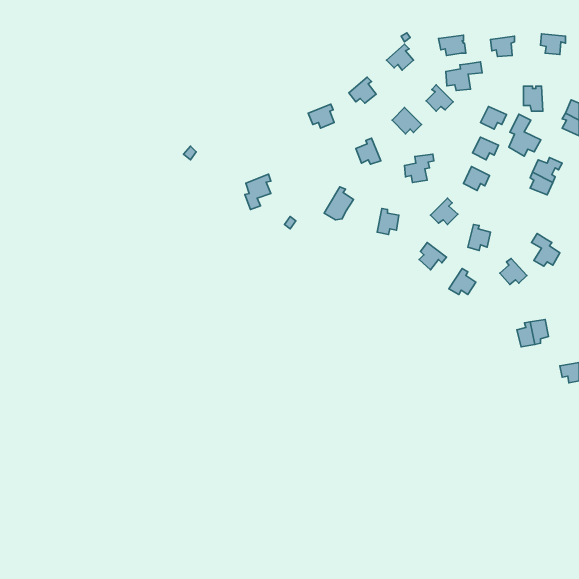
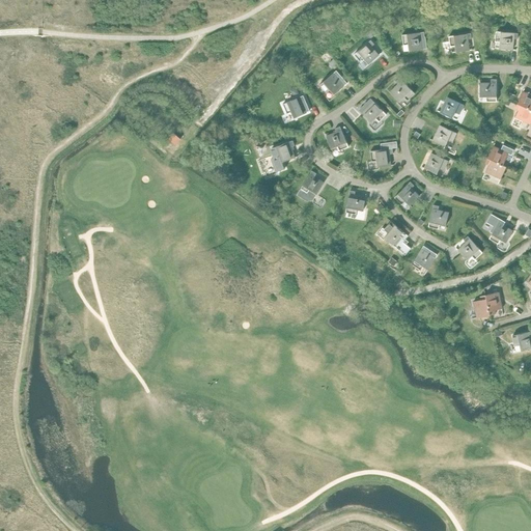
building: [446,62,482,91] -> none
building: [509,114,541,156] -> none
building: [245,174,271,209] -> [271,140,295,172]

